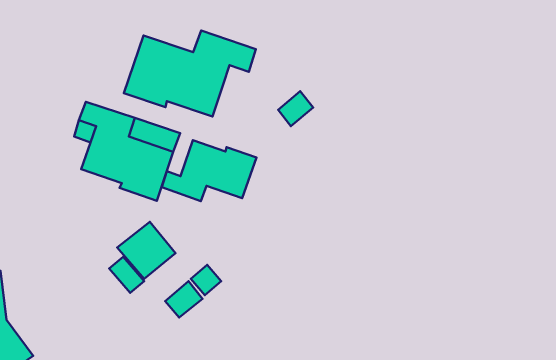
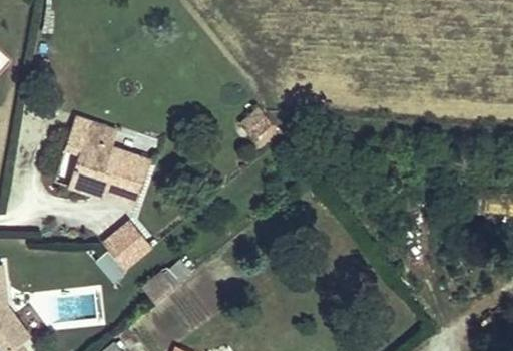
building: [124,30,256,116] -> none
building: [162,140,256,201] -> none

